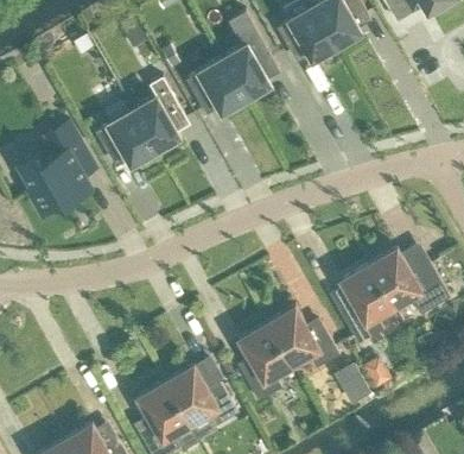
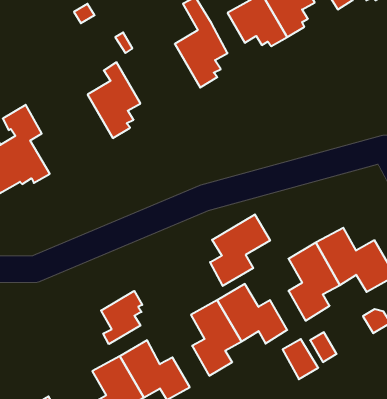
building: [186,58,249,113] -> none
building: [96,111,159,165] -> none
building: none -> [210,214,270,286]
building: none -> [101,291,142,344]

